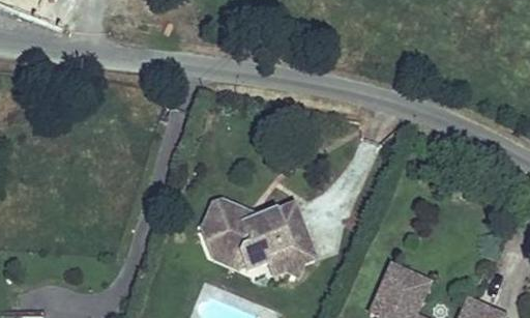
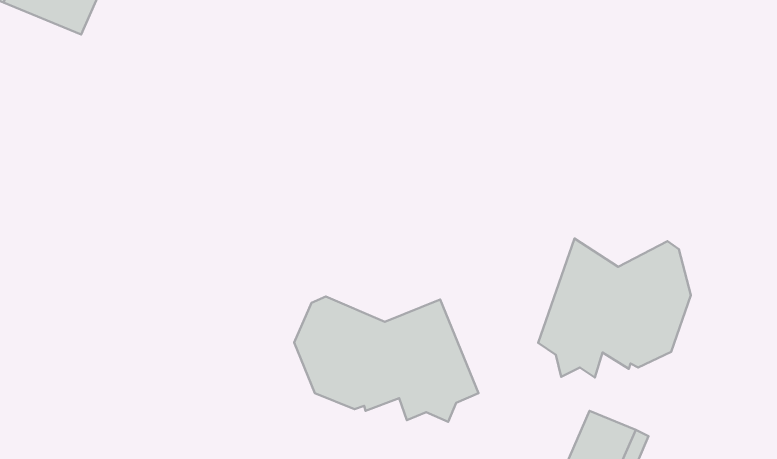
building: none -> [538,239,691,377]

